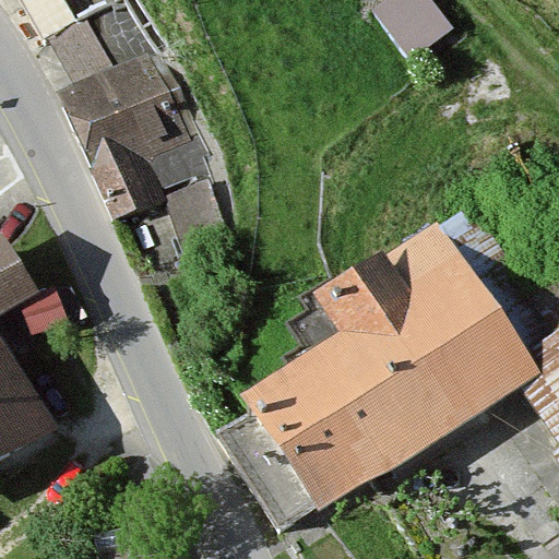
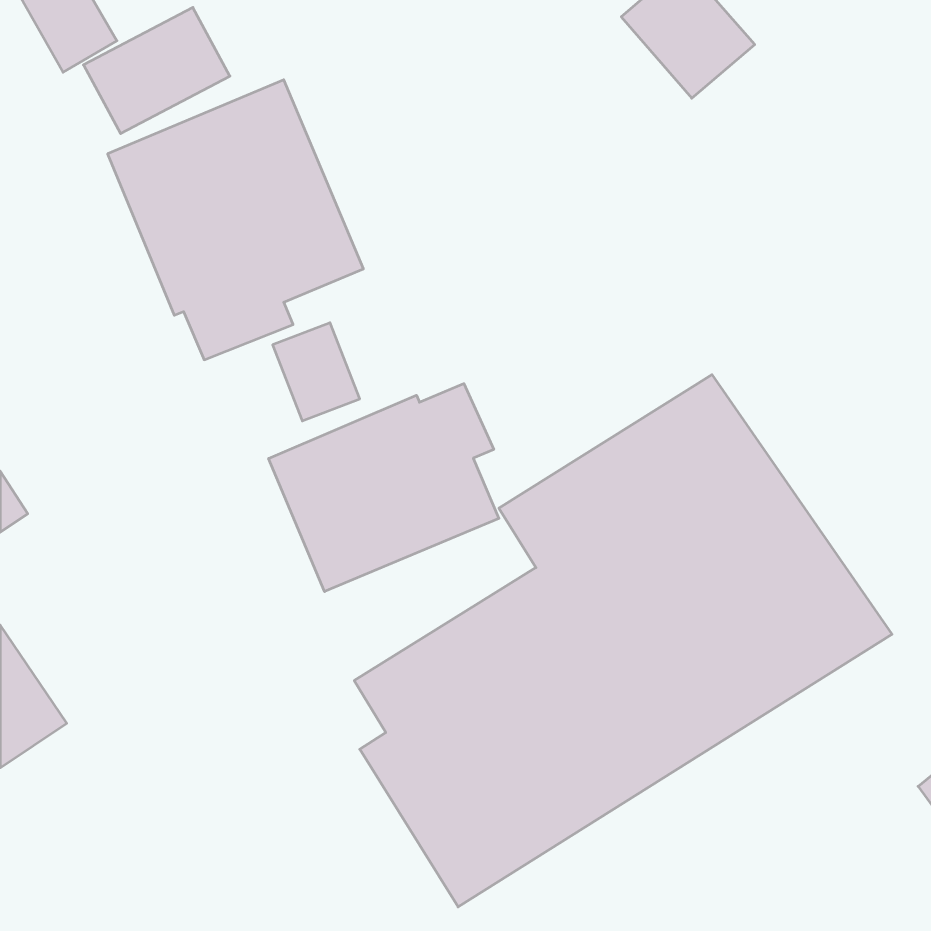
building: none -> [269,384,499,592]

